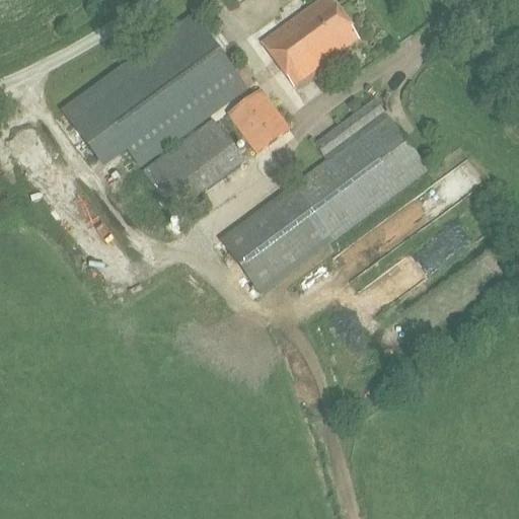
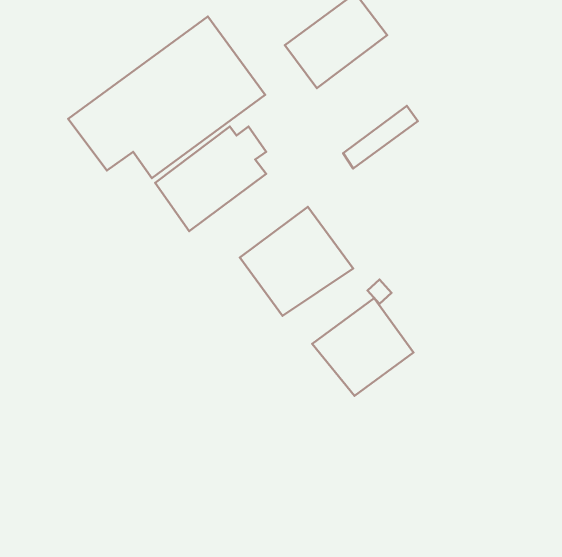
building: [229,88,290,150] -> none
building: [284,115,426,247] -> none
building: none -> [312,298,413,396]

